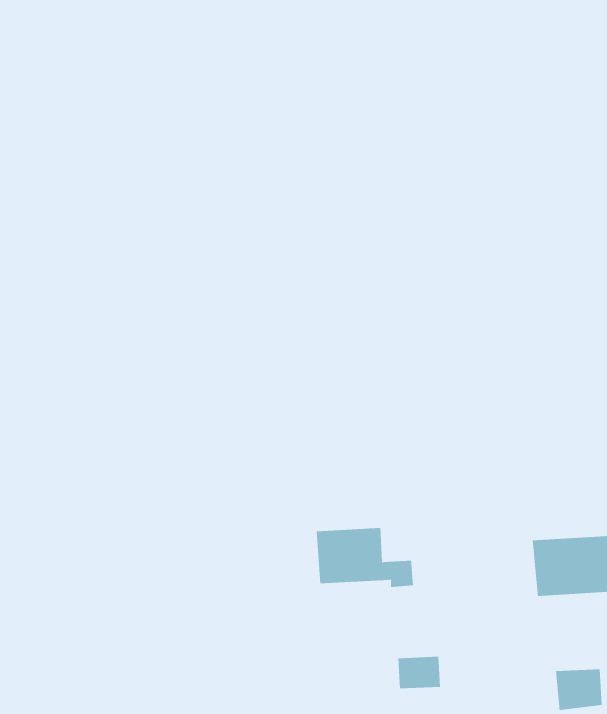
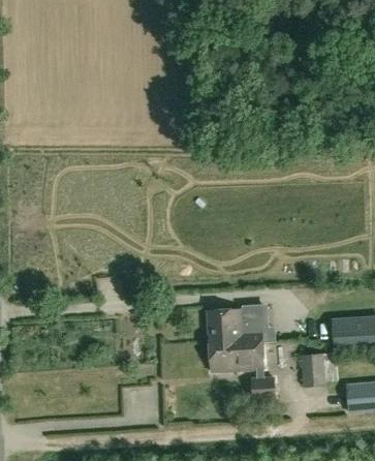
building: none -> [210,337,264,370]
building: none -> [301,352,327,385]

